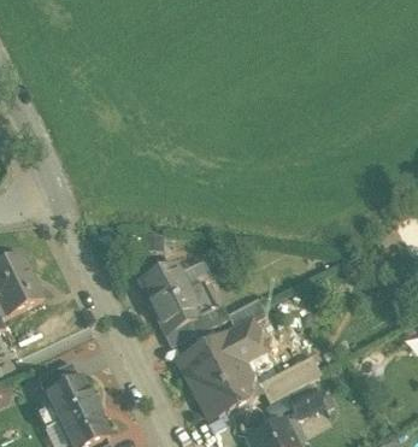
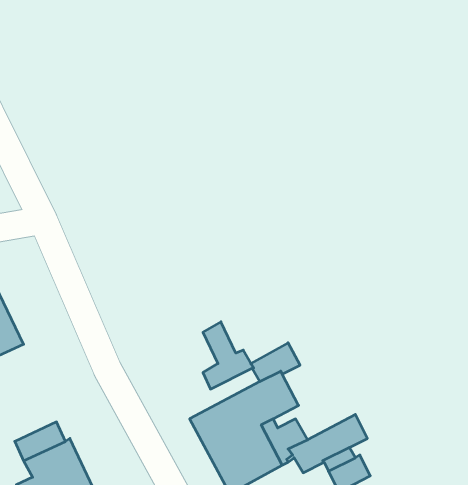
building: [141,263,201,331] -> none

